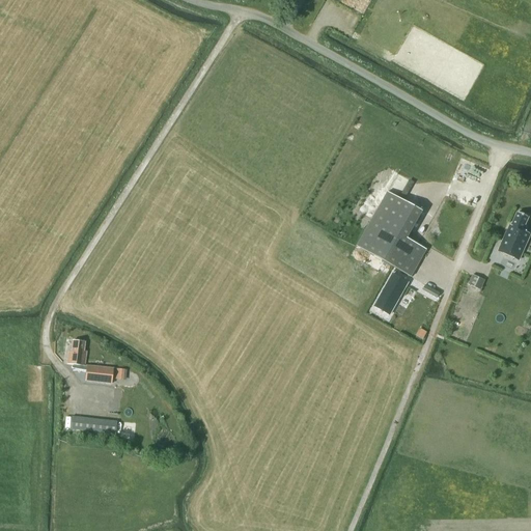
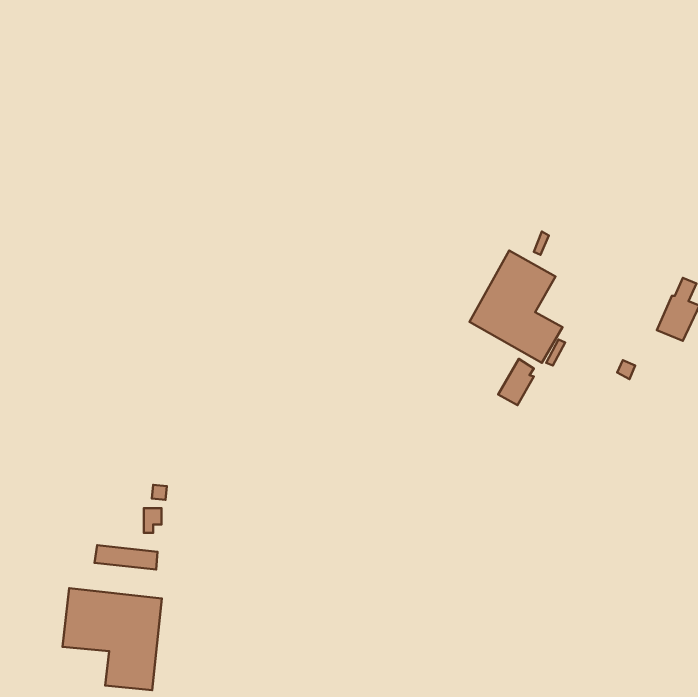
building: [68,339,114,383] -> none
building: none -> [63,588,162,690]

